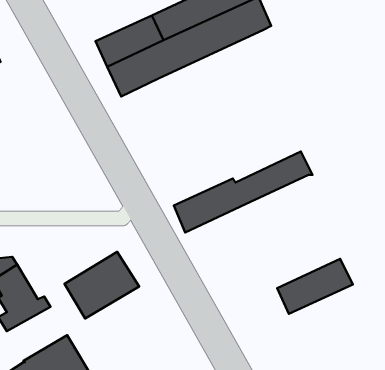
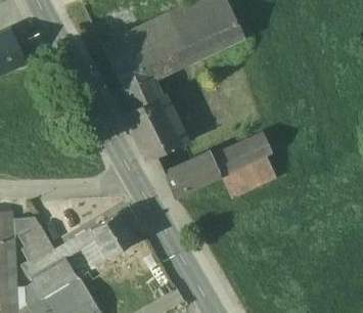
building: none -> [121,75,183,162]
building: [277,259,353,314] -> [221,151,281,195]
building: none -> [30,257,79,301]

